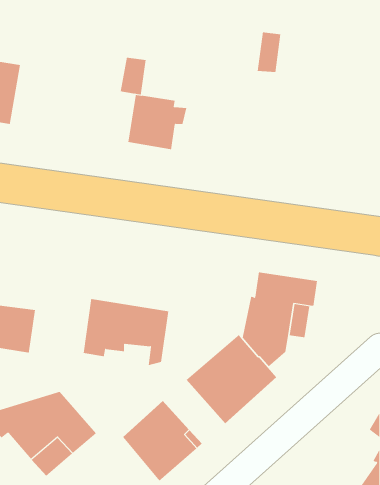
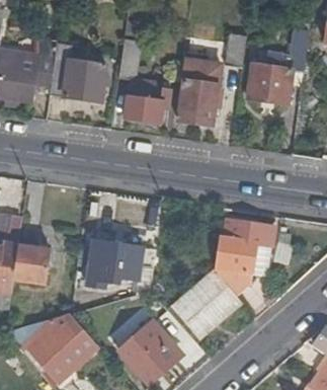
building: none -> [246,40,306,102]
building: none -> [49,43,105,101]
building: none -> [176,57,220,124]

